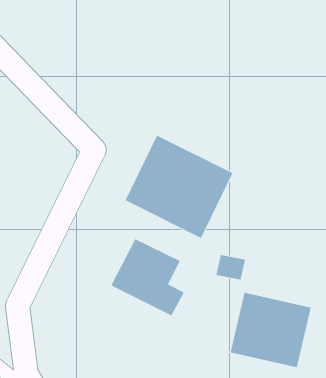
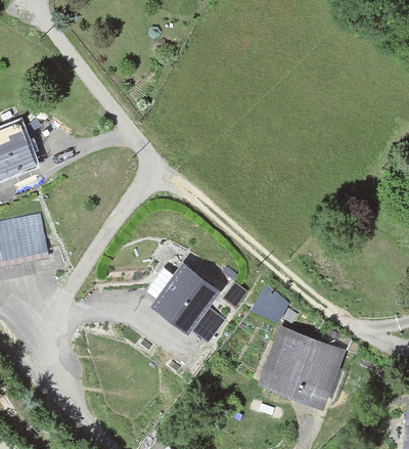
building: [125,135,233,239] -> none

